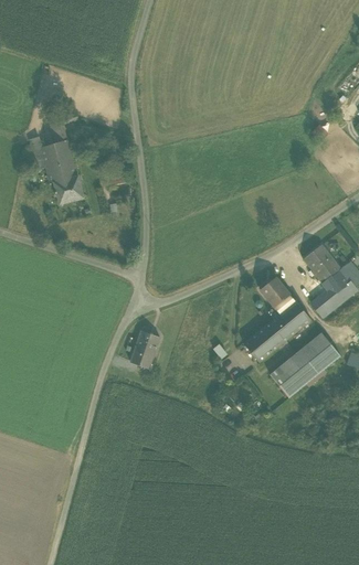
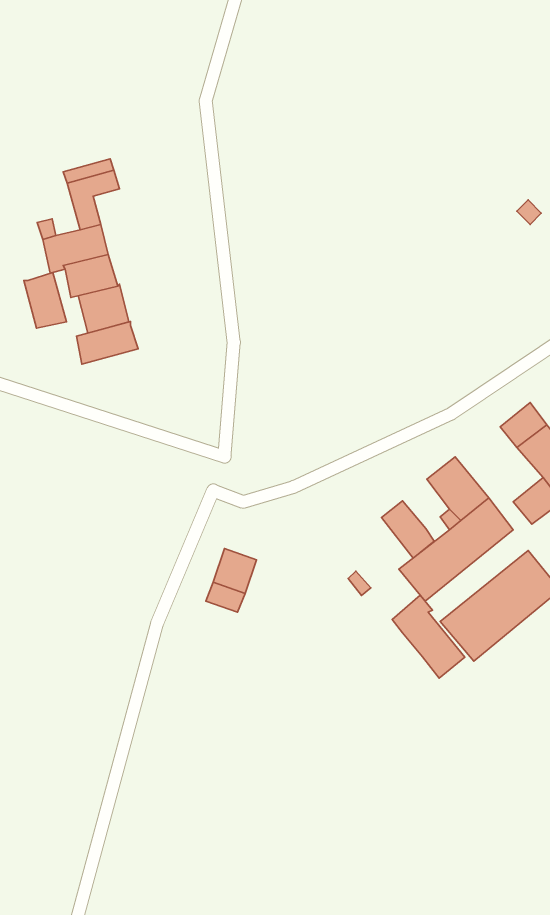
building: none -> [24,272,66,328]
building: none -> [76,322,138,364]
building: none -> [381,501,434,558]
building: none -> [392,595,465,678]

